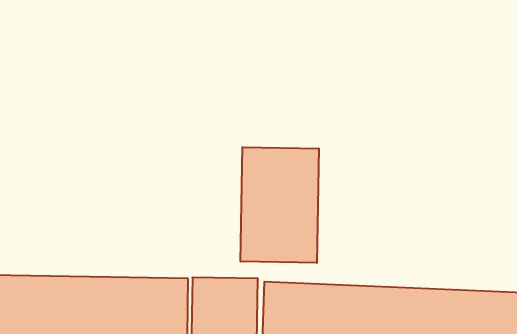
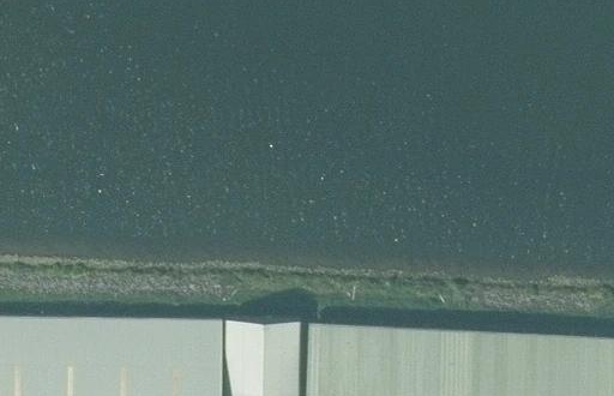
building: [241,147,319,263] -> none

